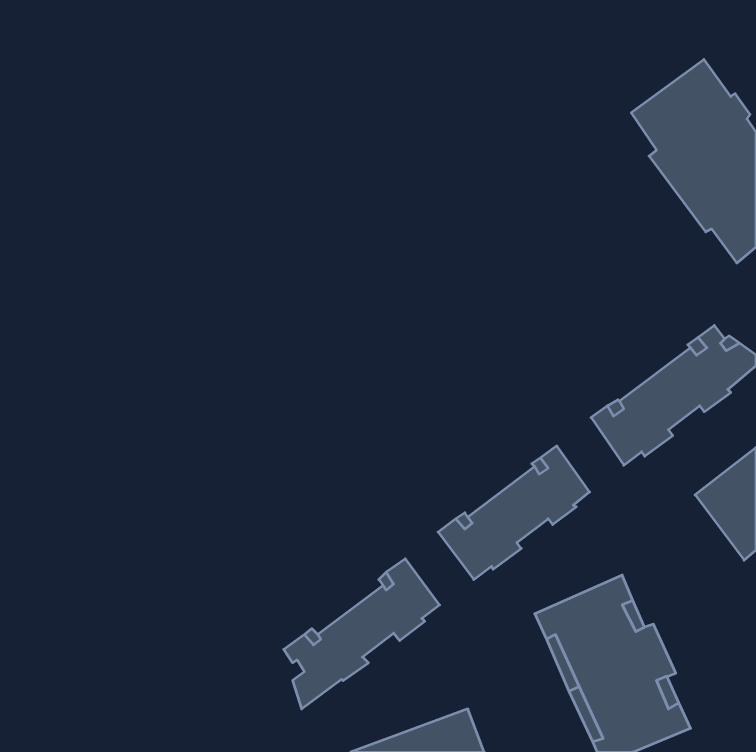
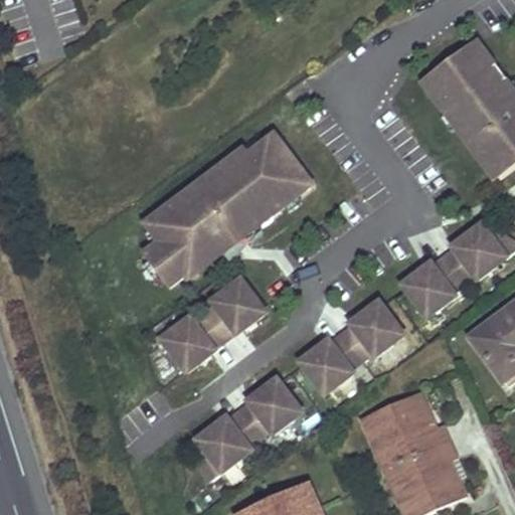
building: none -> [143,136,312,288]
building: none -> [164,282,265,369]

